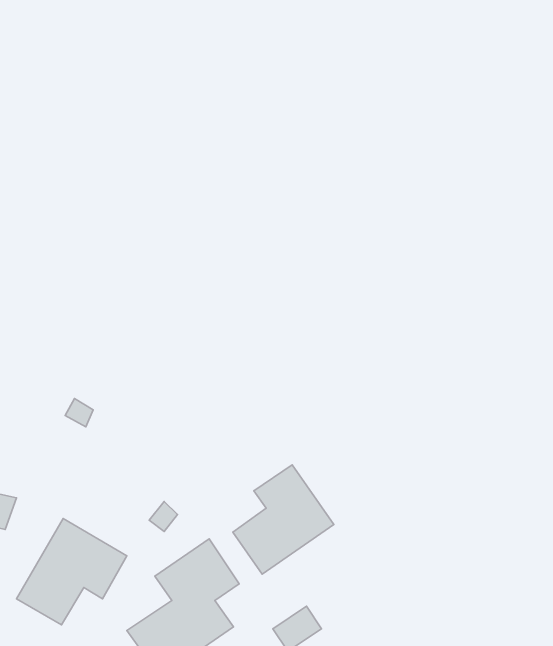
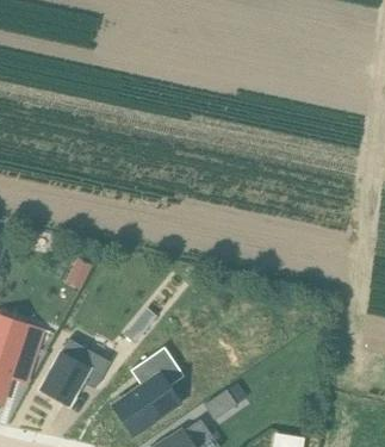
building: [233,465,334,574] -> none

